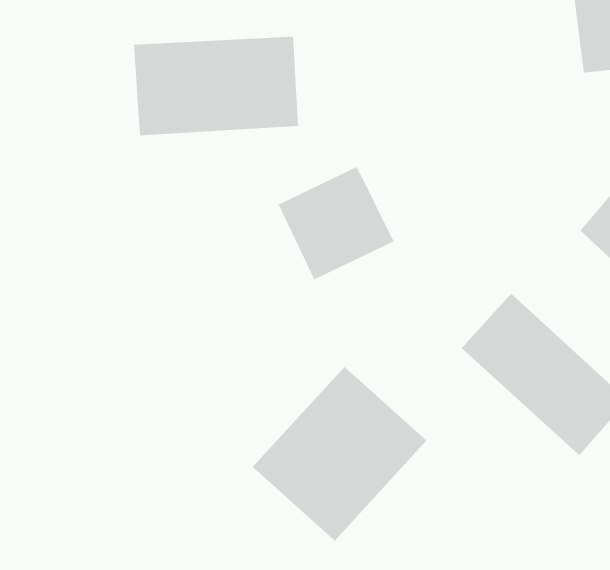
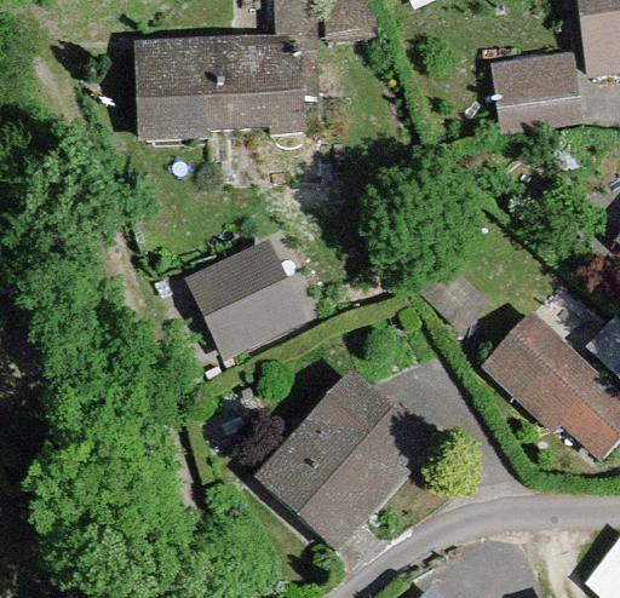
building: none -> [488,48,585,131]
building: [278,166,394,280] -> [191,241,309,356]

